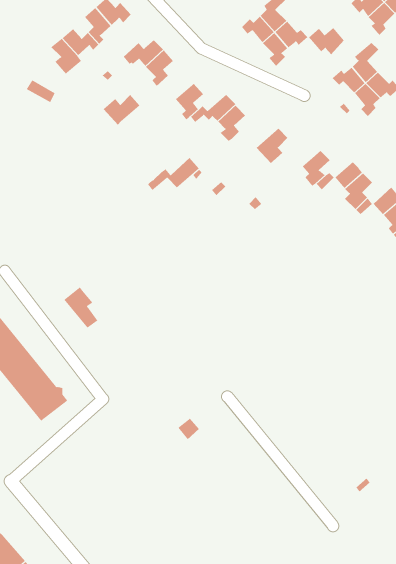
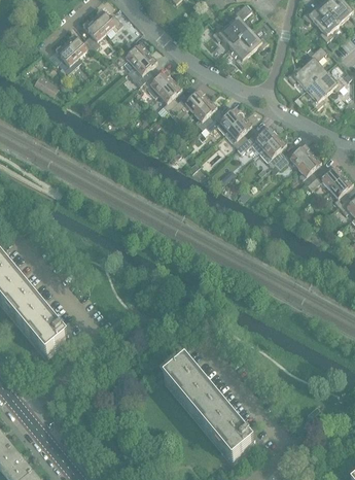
building: [308,27,345,55] -> none
building: [103,94,140,125] -> [142,68,173,94]
building: none -> [235,124,278,150]
building: [147,157,199,191] -> [200,105,243,133]
building: [64,287,98,328] -> none
building: none -> [164,363,253,462]

